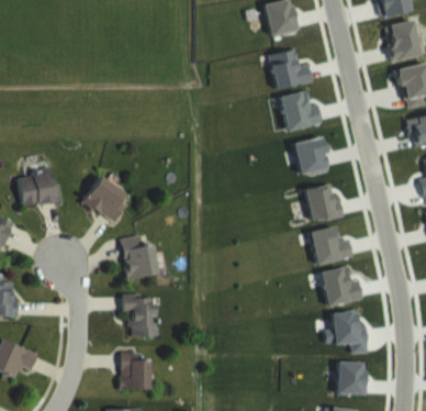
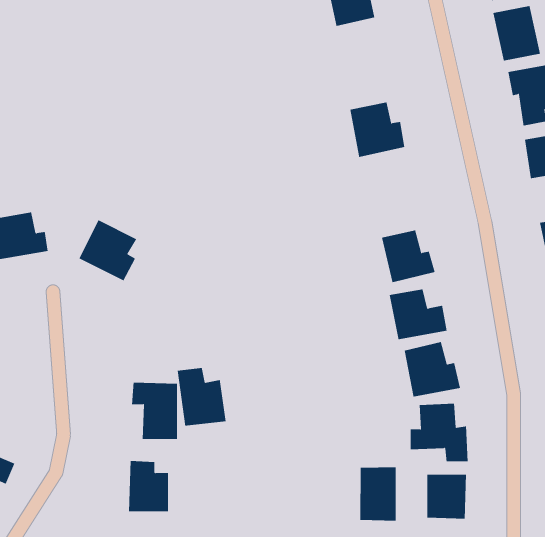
building: [269,49,313,88] -> none
building: [293,136,329,175] -> none
building: [121,235,157,278] -> [177,367,227,426]
building: none -> [360,466,396,521]

